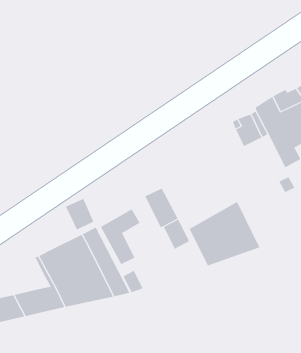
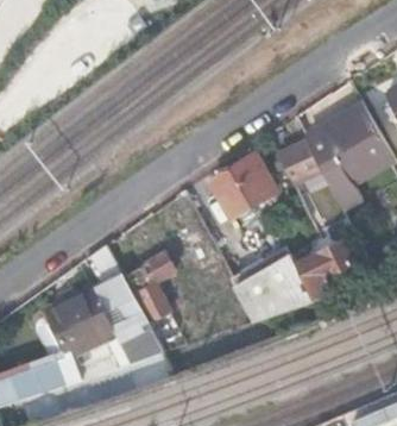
building: none -> [213,156,277,218]
building: none -> [291,244,353,301]

